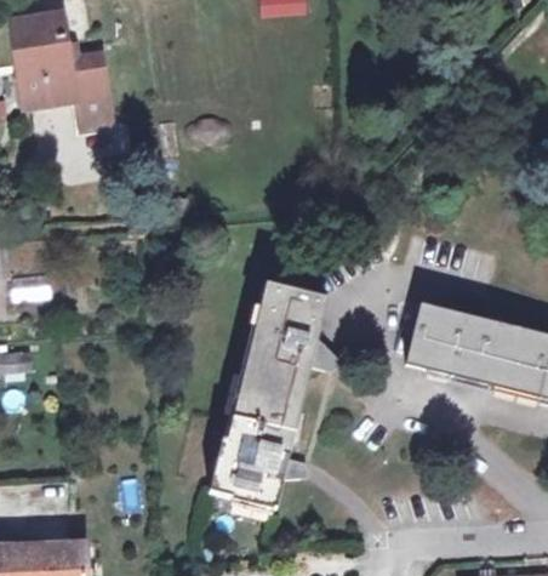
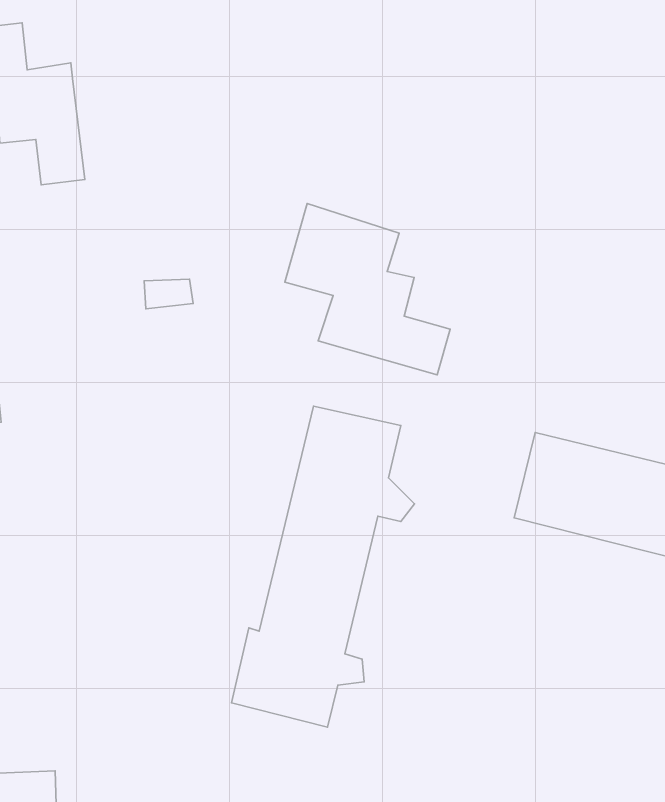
building: none -> [285,204,450,375]

